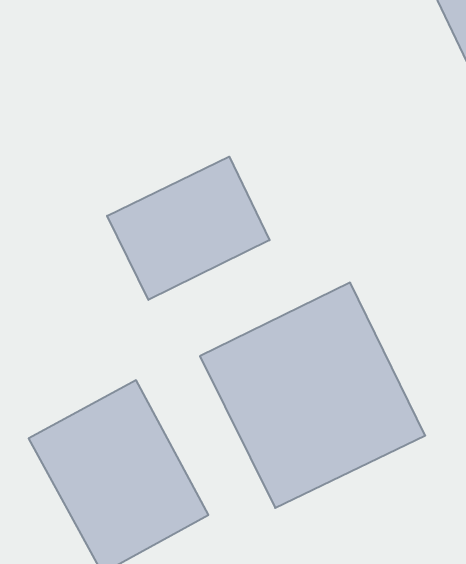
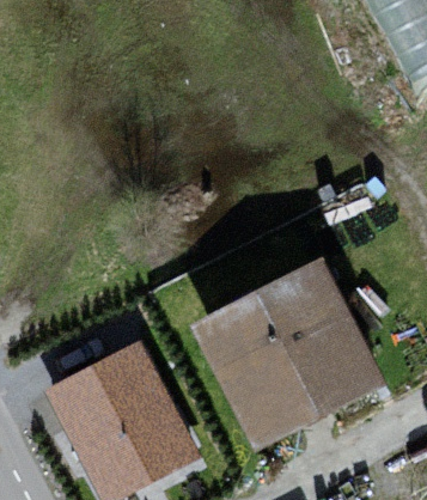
building: [107,157,270,300] -> none

